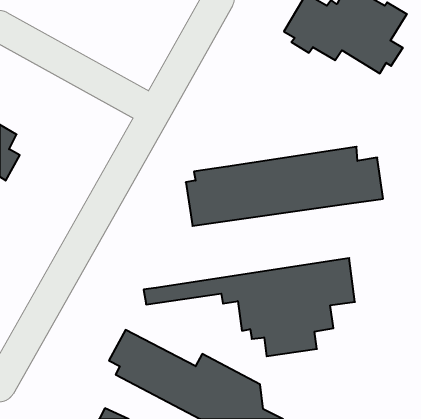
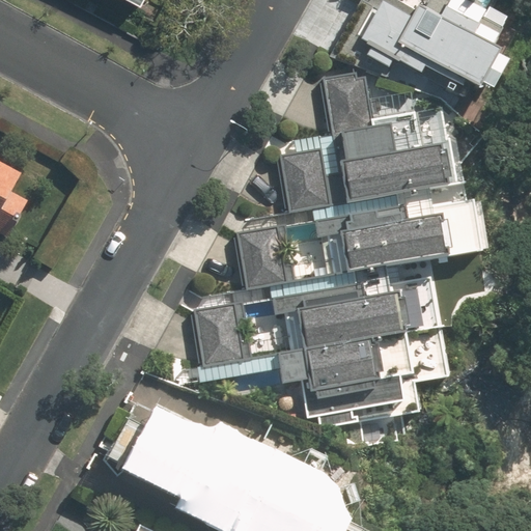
building: none -> [278,75,463,209]
building: none -> [188,257,439,362]

